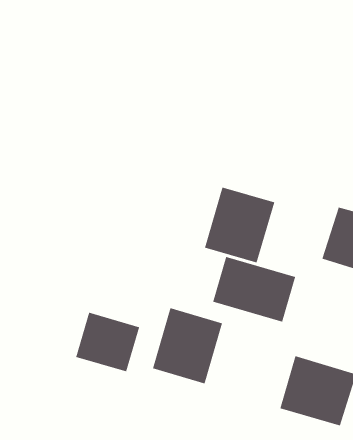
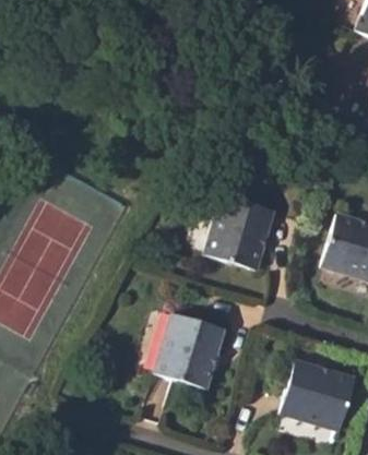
building: [212,256,296,323] -> none
building: [76,312,140,372] -> none

